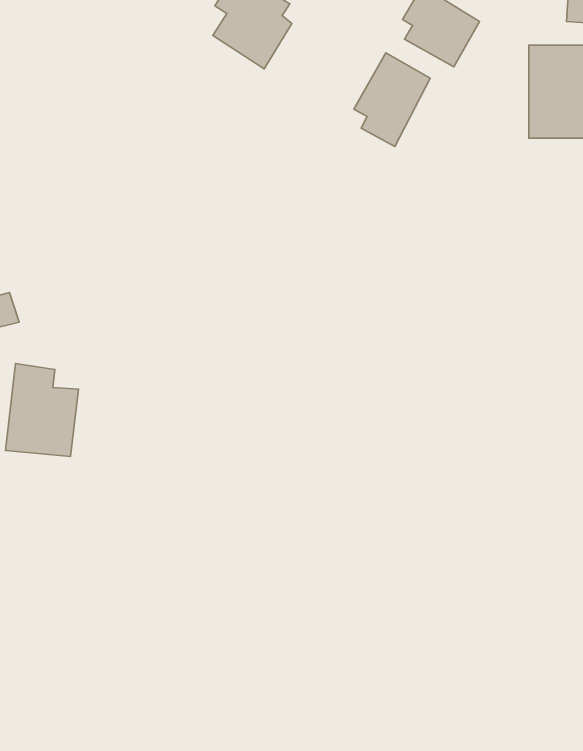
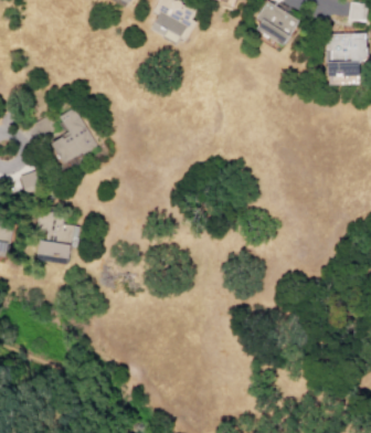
building: [354,53,430,146] -> none
building: none -> [50,108,94,163]

